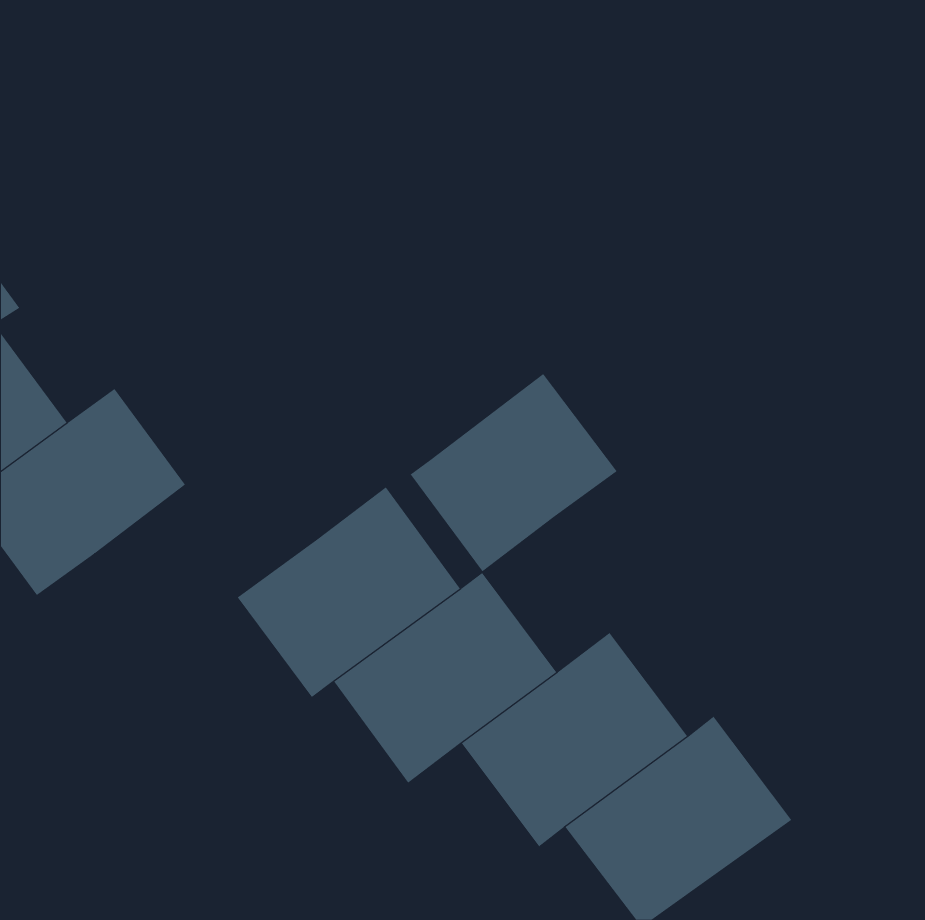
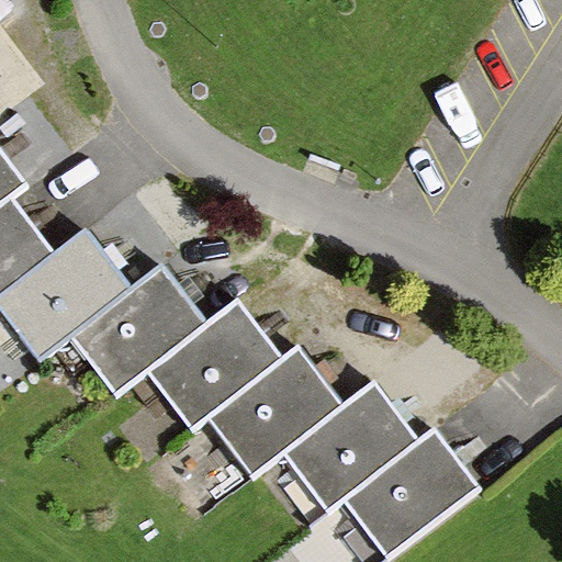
building: [410,373,617,572] -> none
building: none -> [60,267,194,391]

